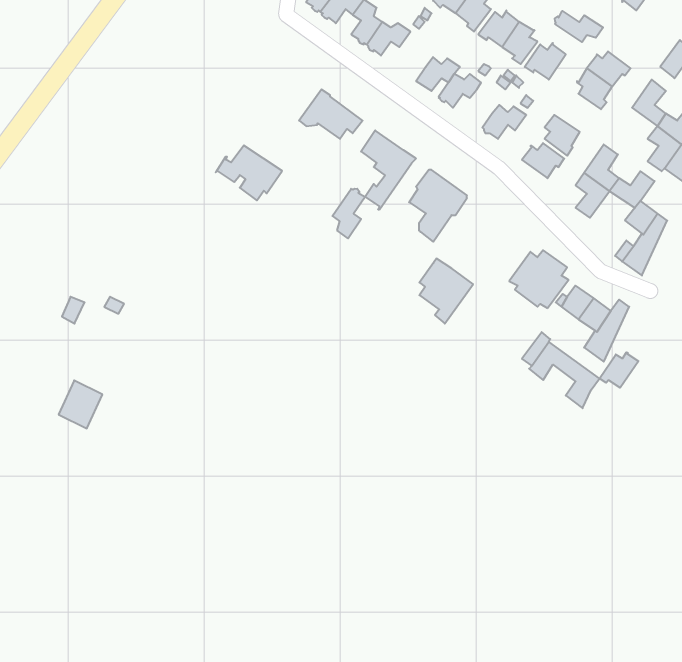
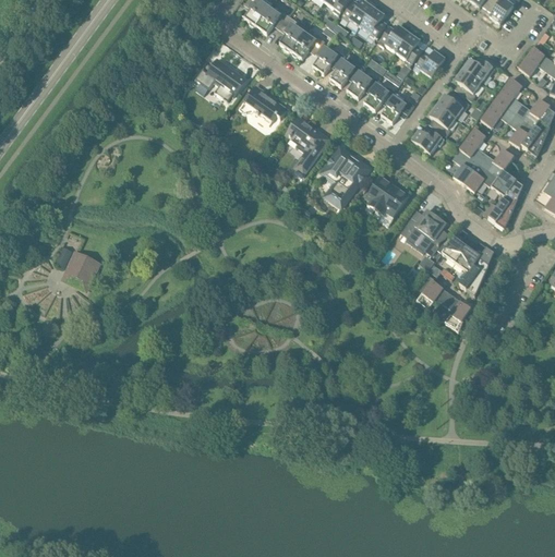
building: [555,11,603,42] -> none
building: none -> [312,47,346,73]
building: none -> [363,84,397,110]
building: none -> [436,90,470,117]
building: none -> [481,98,516,126]
building: [216,145,282,200] -> [195,58,246,100]
building: [332,189,365,238] -> none
building: none -> [463,162,498,191]
building: [419,259,473,324] -> [367,174,409,225]
building: [600,352,638,388] -> none
building: [59,380,102,428] -> [64,251,98,288]

